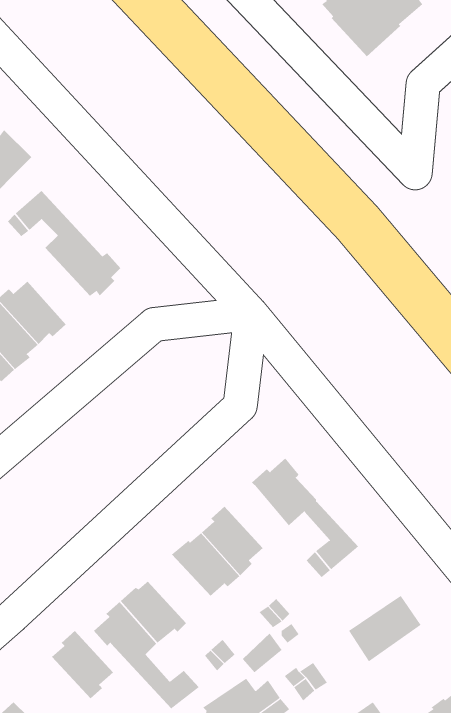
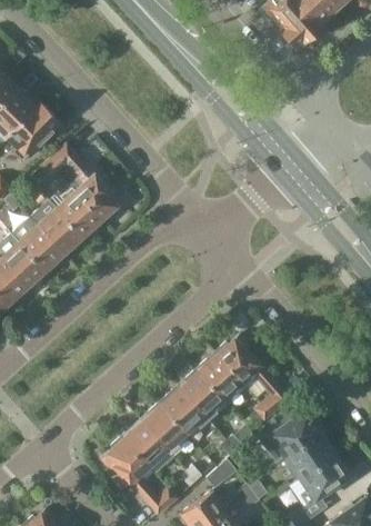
building: none -> [56,185,100,239]
building: none -> [195,354,244,398]
building: none -> [268,407,323,457]
building: none -> [298,453,350,504]
building: [51,630,114,699] -> [141,403,185,451]

